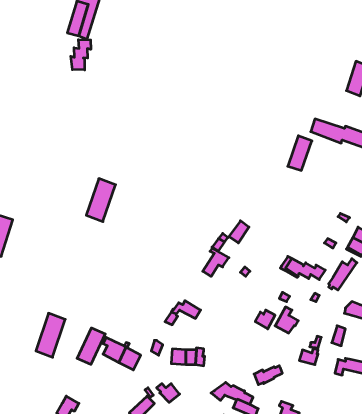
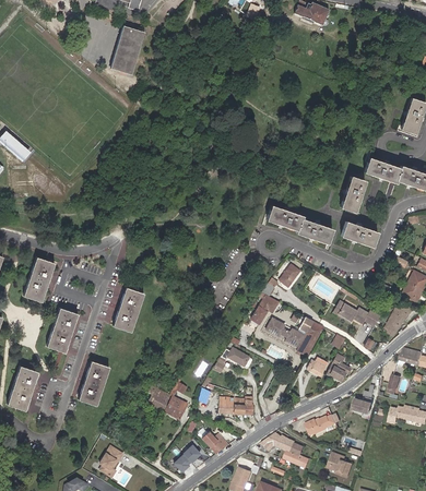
building: [71,40,91,70] -> none
building: none -> [265,205,332,243]
building: [86,179,116,222] -> [113,287,143,332]
building: none -> [340,221,377,248]
building: none -> [47,308,78,352]
building: none -> [265,316,323,356]
building: [77,328,105,364] -> none

